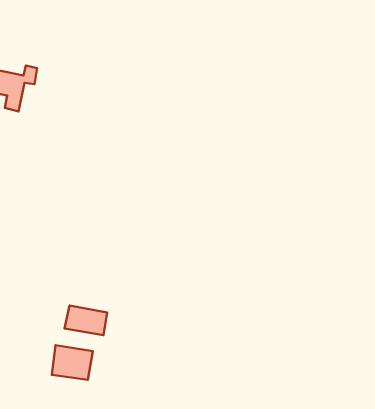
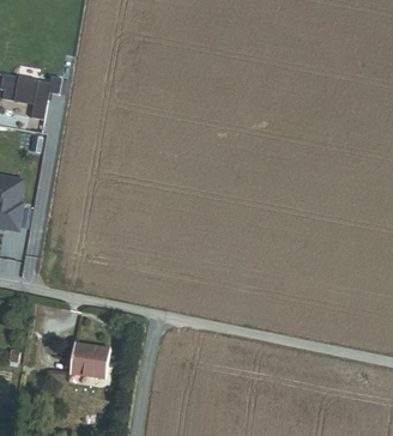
building: [65,306,107,335] -> none

